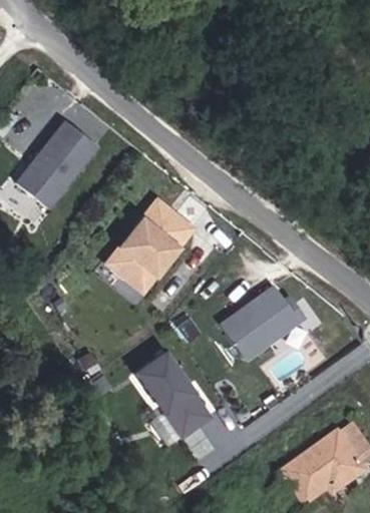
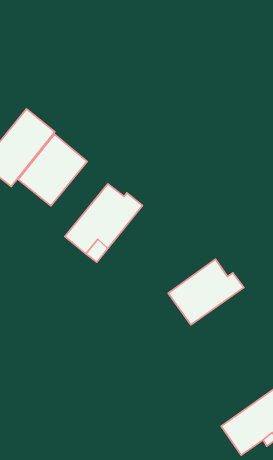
building: none -> [18,134,87,206]
building: [136,346,216,445] -> none

